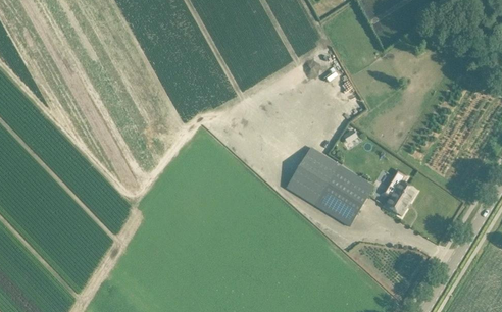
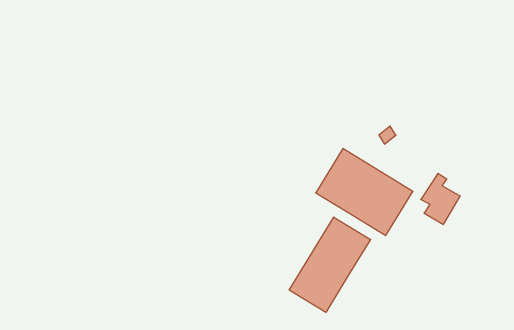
building: none -> [289,217,371,312]

